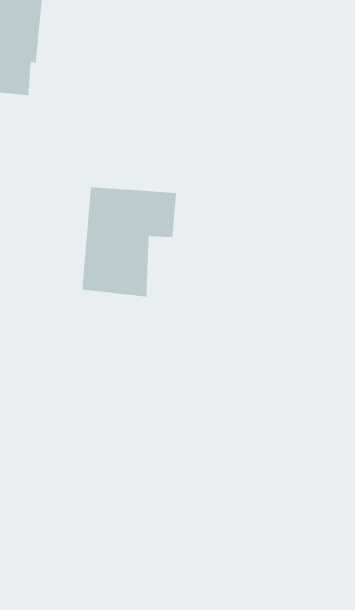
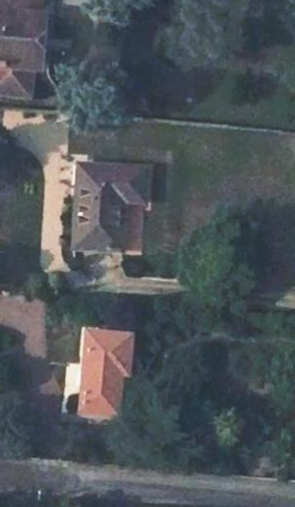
building: none -> [76,331,135,412]

